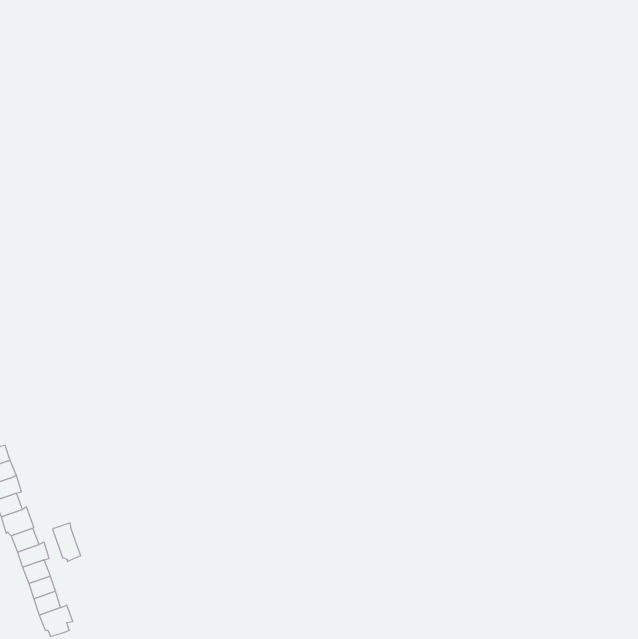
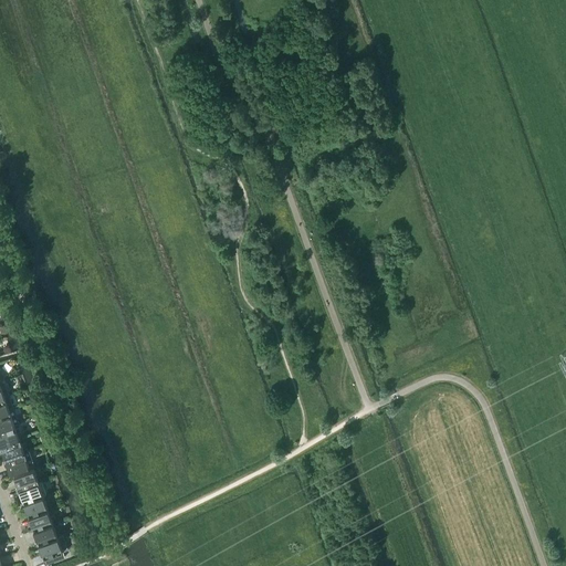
building: [53,523,80,562] -> none

